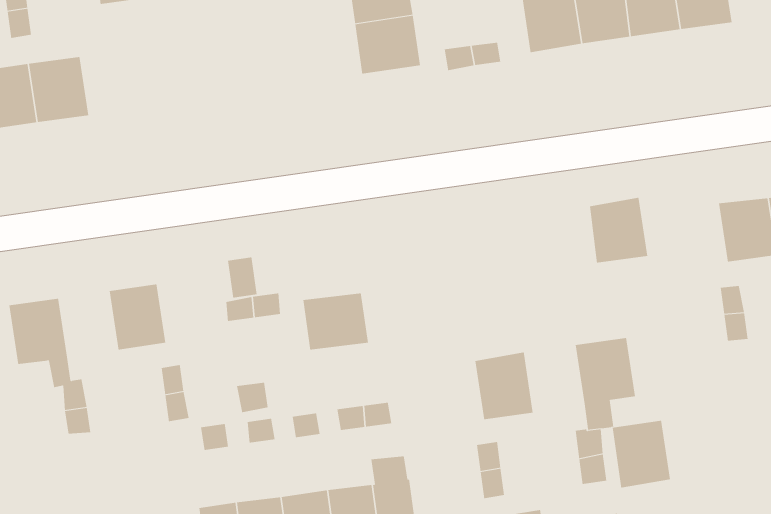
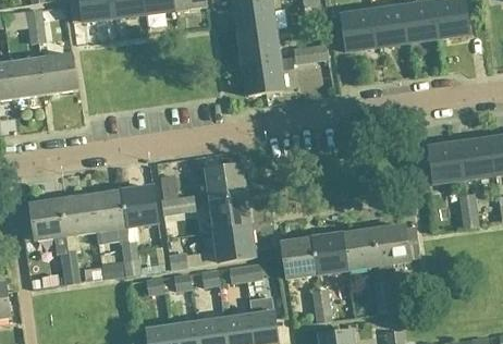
building: none -> [243,58,283,94]
building: [589,197,648,263] -> [429,142,465,182]
building: none -> [203,164,243,200]
building: none -> [119,185,156,226]
building: none -> [59,195,95,235]
building: none -> [211,226,252,262]
building: none -> [280,237,317,278]
building: [612,420,671,488] -> [342,228,378,269]

